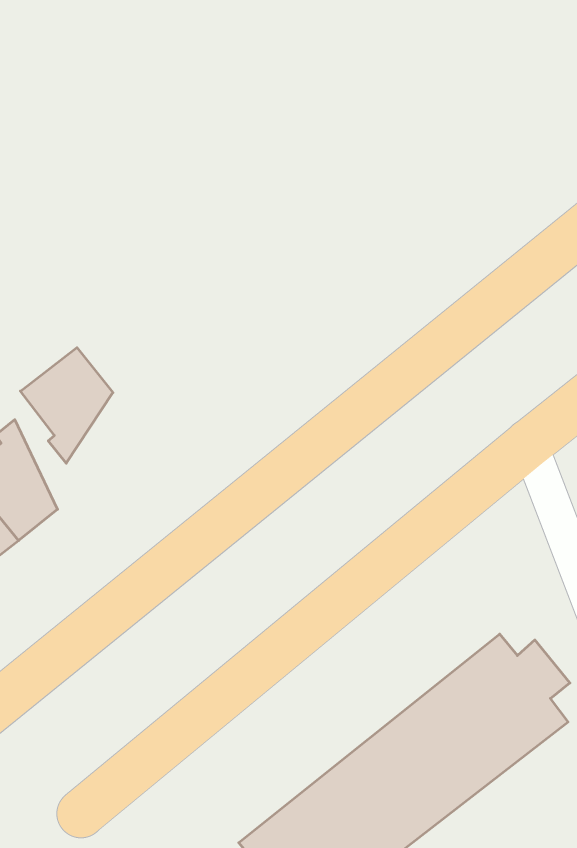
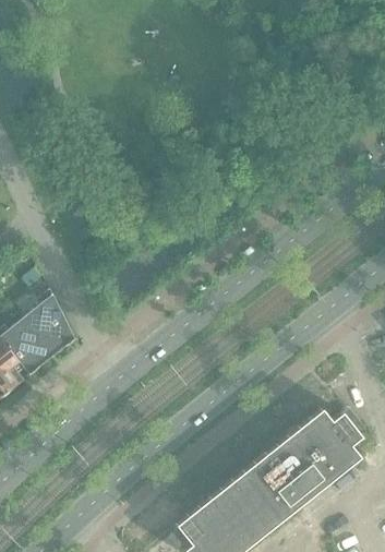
building: [20,348,113,463] -> none

